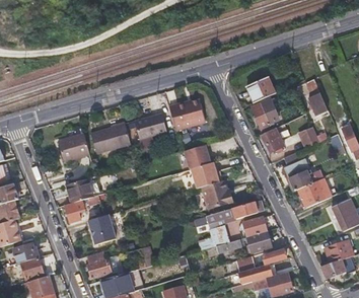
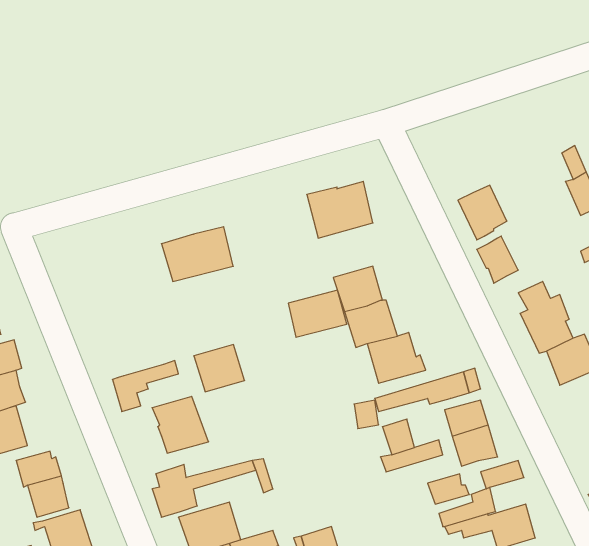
building: [245,76,275,103] -> none
building: [135,113,166,138] -> [288,290,347,337]
building: [58,132,89,158] -> none
building: [65,177,92,203] -> [194,345,245,392]

